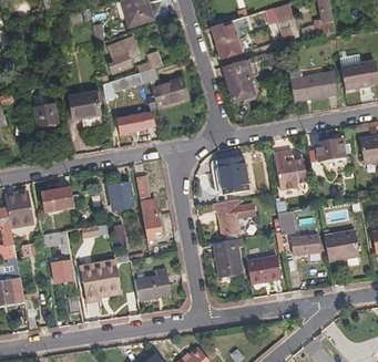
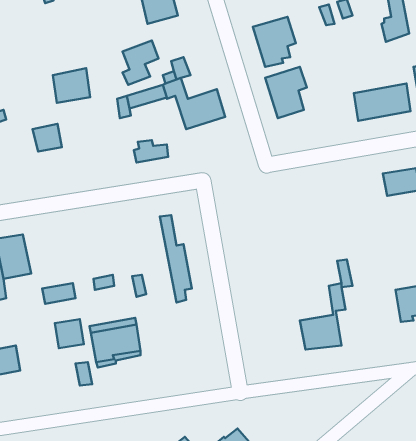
building: [69,91,99,118] -> [53,68,90,103]
building: [274,151,307,188] -> none
building: [211,156,249,196] -> none
building: [109,182,133,210] -> none
building: [42,187,74,213] -> none
building: [214,199,256,235] -> none
building: [292,234,320,255] -> none
building: [214,238,245,277] -> none
building: [136,268,172,300] -> none

